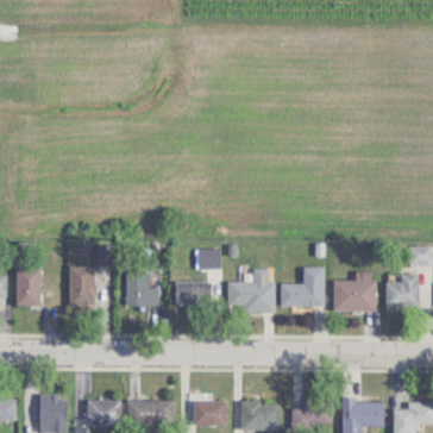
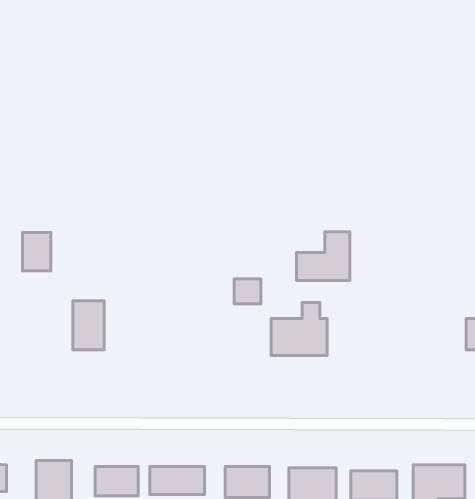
building: [281,268,324,307] -> [297,232,350,281]
building: [17,269,39,300] -> [23,232,51,271]
building: [334,271,375,310] -> none
building: [137,274,159,300] -> none
building: [176,282,214,306] -> none

